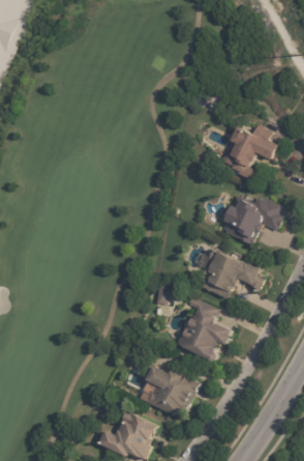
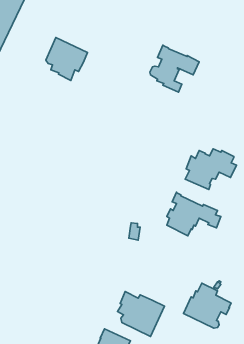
building: none -> [46,37,87,81]
building: [221,125,280,181] -> [150,45,199,92]
building: [175,308,232,362] -> [184,283,231,328]

